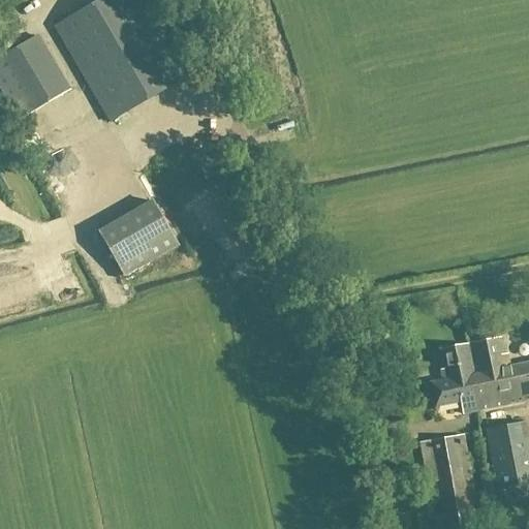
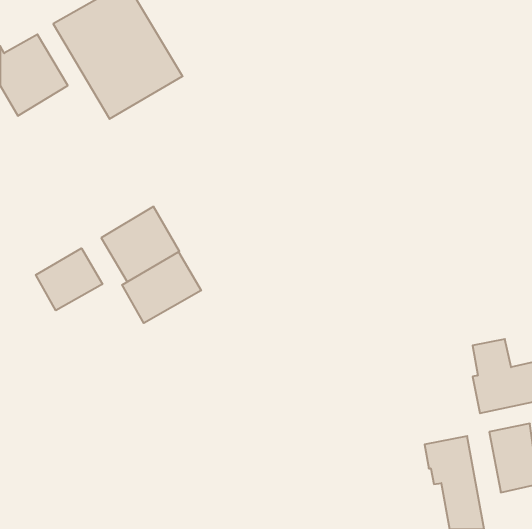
building: none -> [36,248,102,310]
building: none -> [122,252,201,323]
building: [431,342,476,412] -> none

